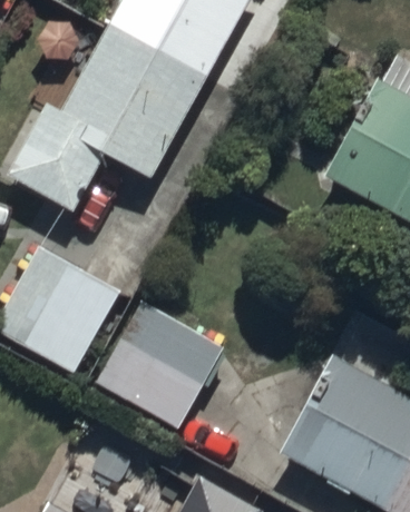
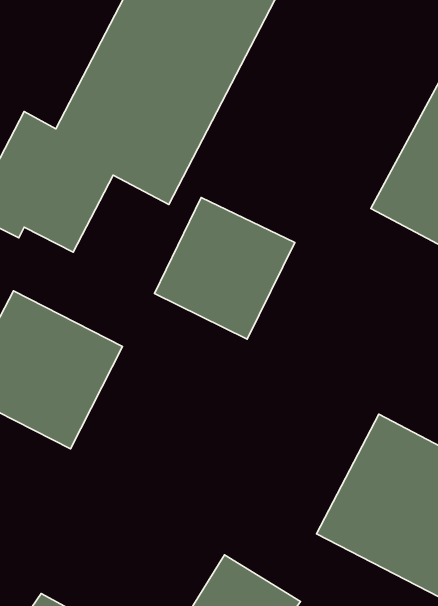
building: none -> [154,197,295,339]
building: [95,302,223,429] -> none

